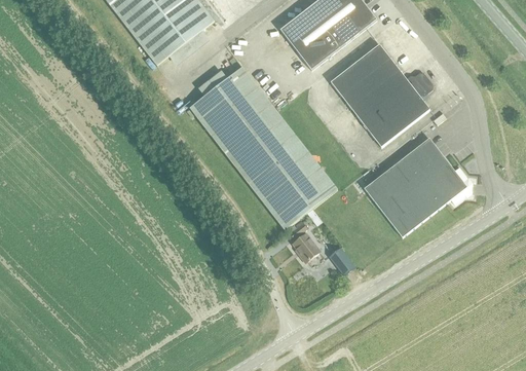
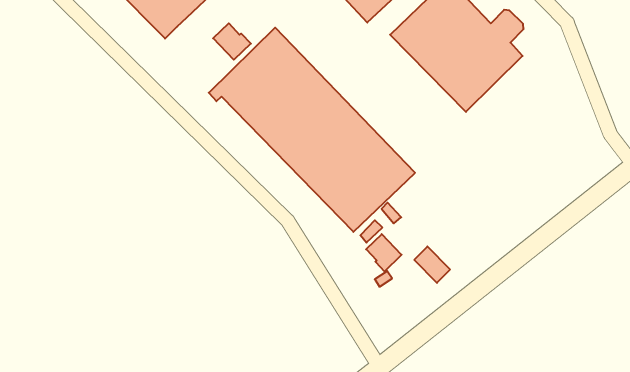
building: none -> [213,23,251,60]
building: [363,137,471,235] -> none

